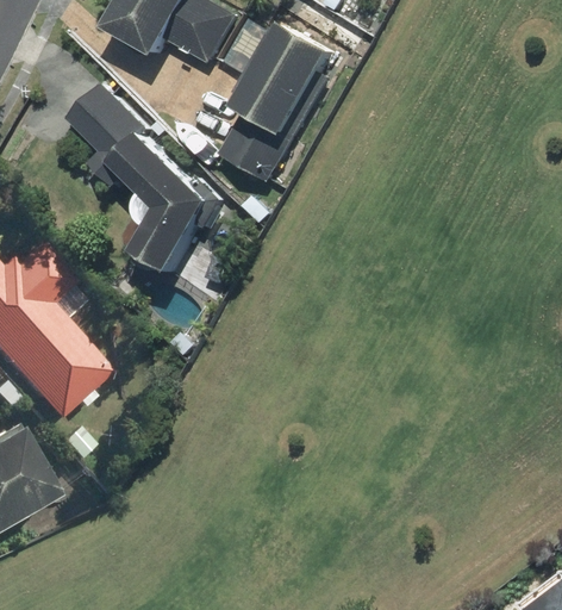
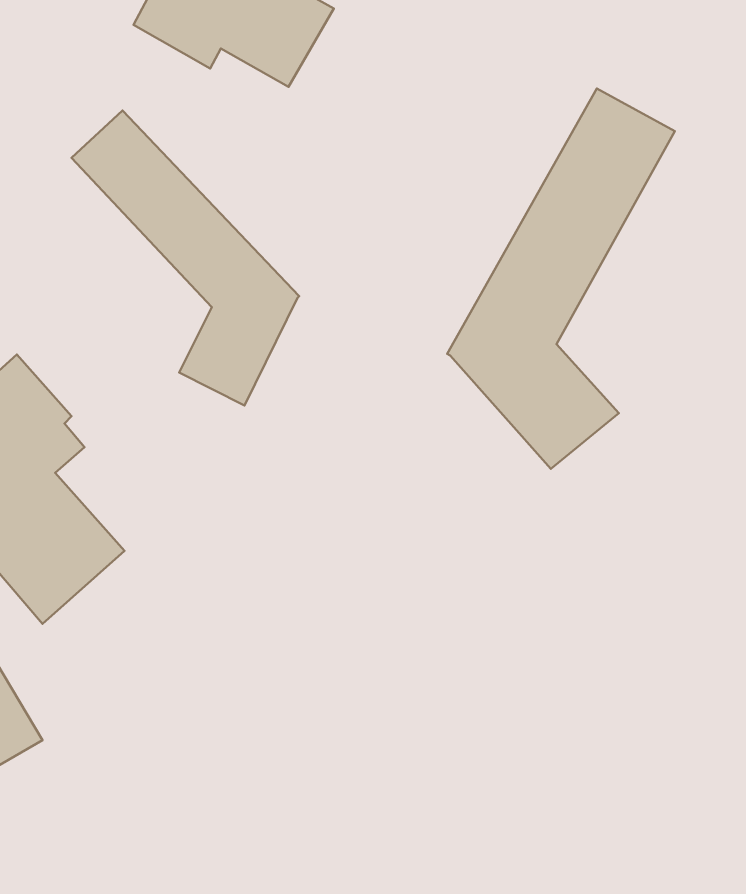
building: [214,21,330,178] -> none
building: none -> [447,88,675,469]

